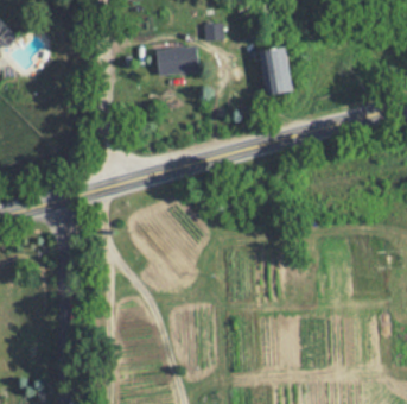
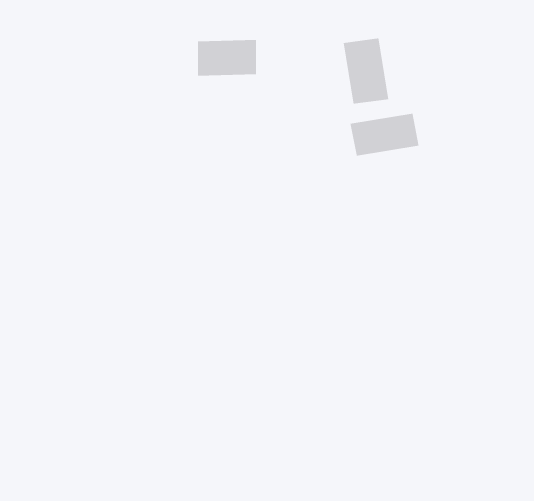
building: none -> [350,113,419,156]

